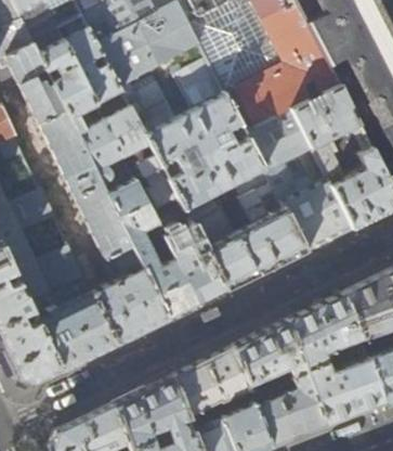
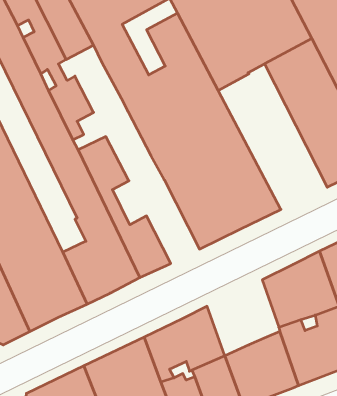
building: [105,107,150,157] -> none
building: [246,109,353,253] -> none
building: [139,156,180,211] -> none
building: [165,223,227,306] -> none
building: [235,322,306,397] -> none

